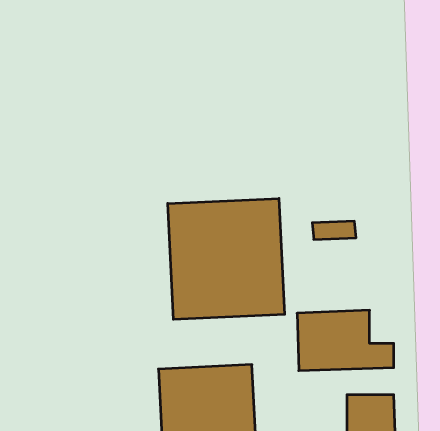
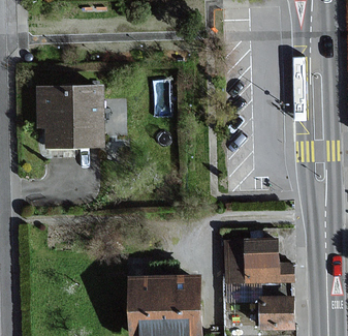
building: none -> [37,87,101,146]
building: [168,198,285,319] -> none

